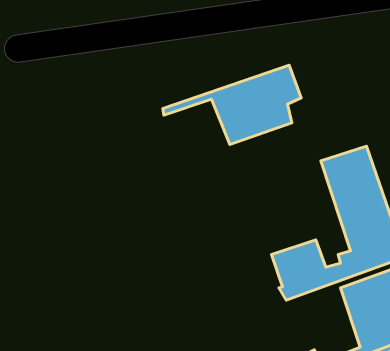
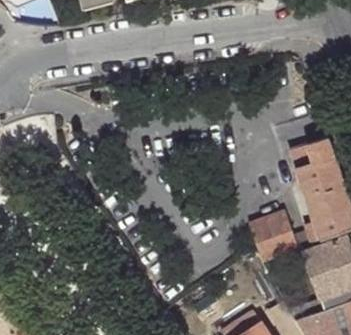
building: [163,65,301,144] -> none

